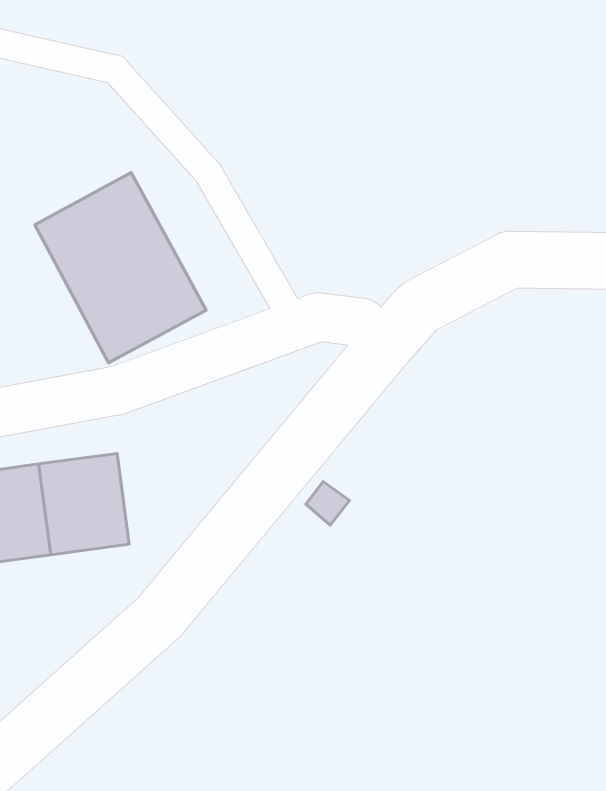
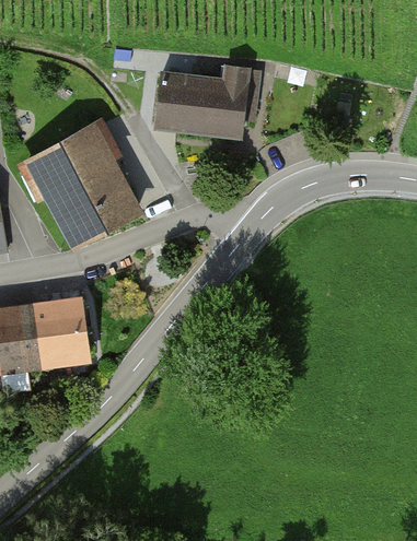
building: none -> [157,66,258,134]

